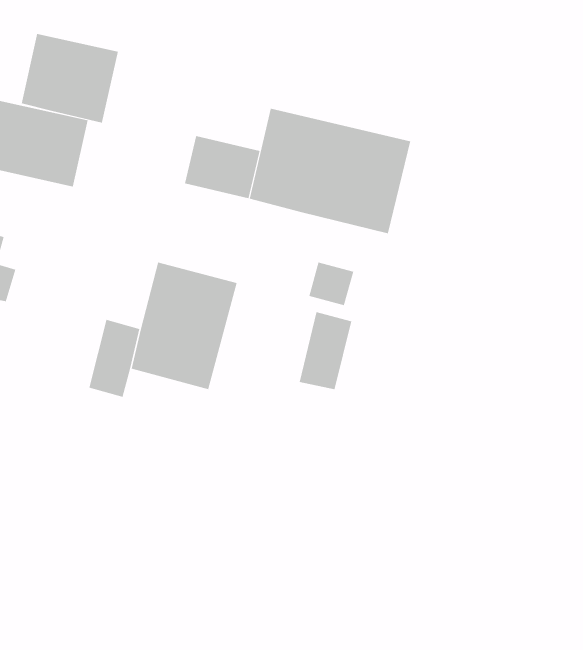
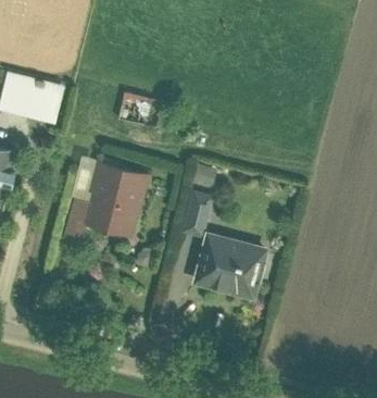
building: [21,33,118,123] -> none
building: [249,108,411,234] -> none
building: none -> [192,233,267,300]

